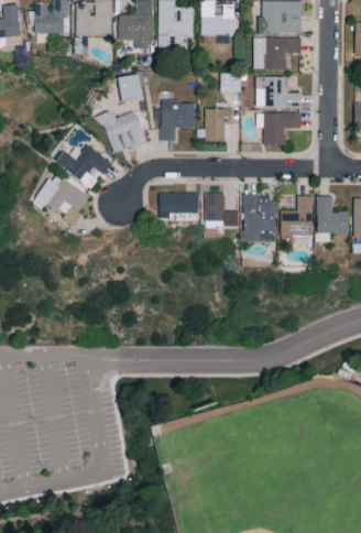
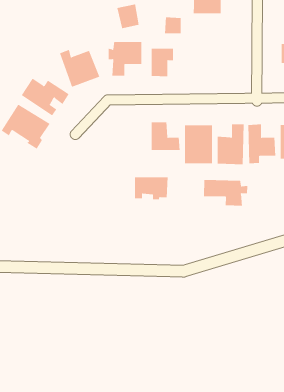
building: [117,74,143,102] -> [117,4,140,29]
building: [255,76,300,109] -> none
building: [256,113,299,145] -> none
building: [158,193,198,219] -> [134,177,169,200]
building: none -> [203,179,248,206]

